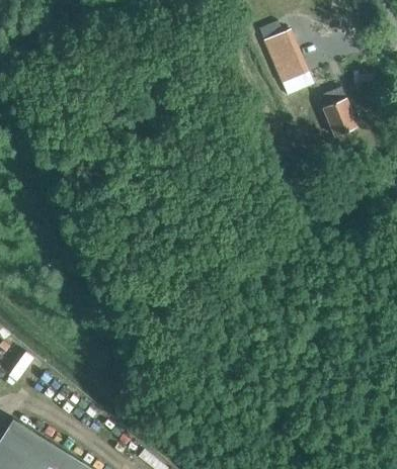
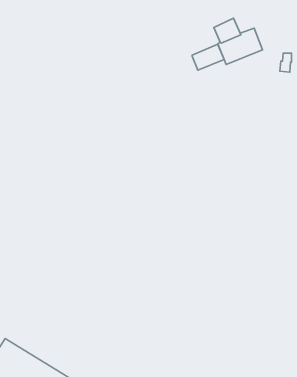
building: none -> [192,44,224,70]
building: [319,93,356,136] -> none

